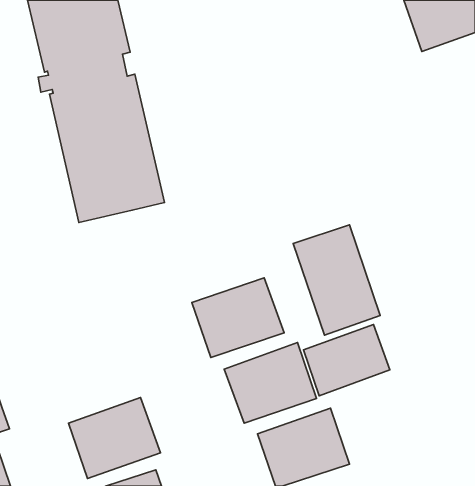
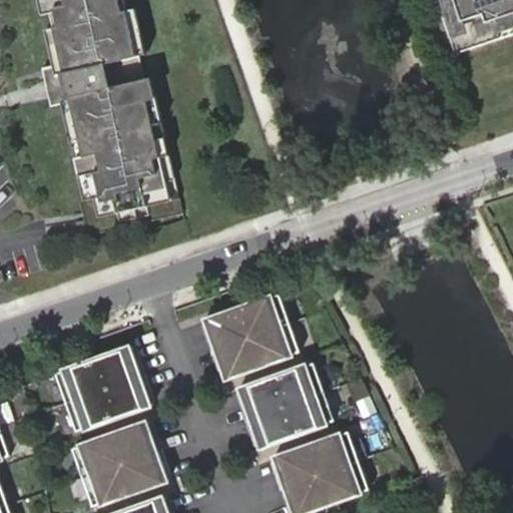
building: [293,225,380,335] -> none
building: [304,324,390,396] -> none
building: none -> [56,344,153,429]

